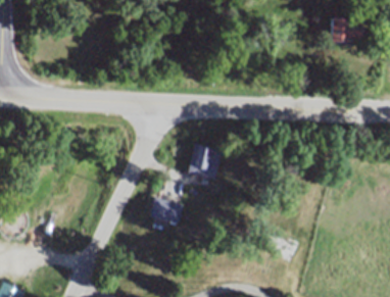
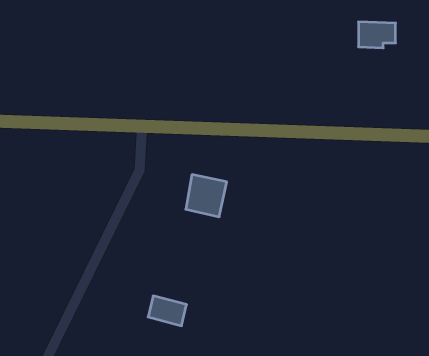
building: [151,199,183,224] -> [148,296,187,326]

